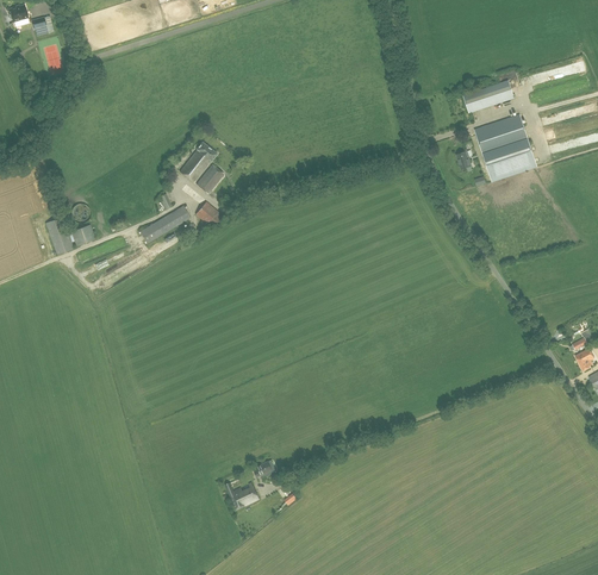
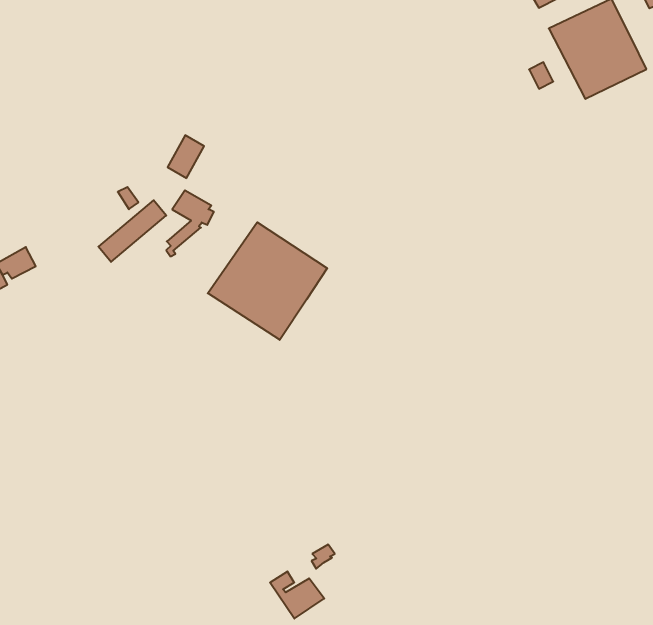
building: [179,140,216,181] -> none
building: none -> [208,222,327,340]

